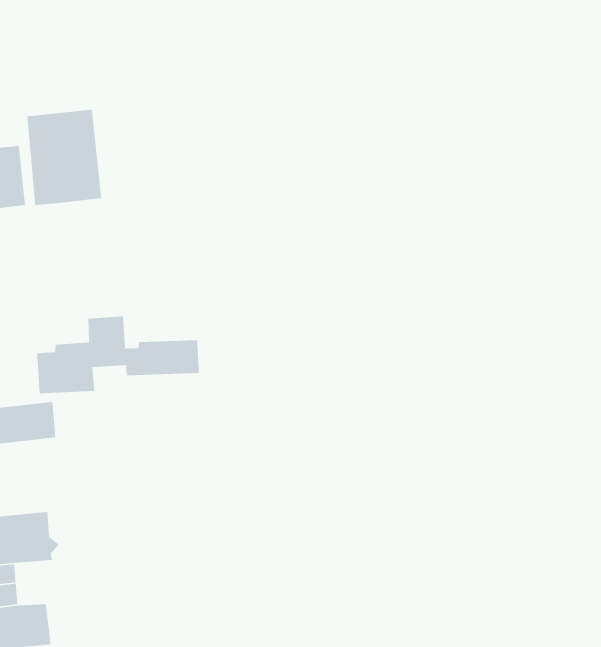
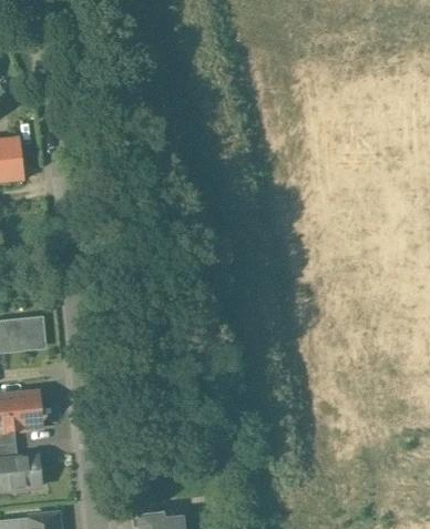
building: [26,109,102,206] -> none
building: [36,315,200,394] -> none

